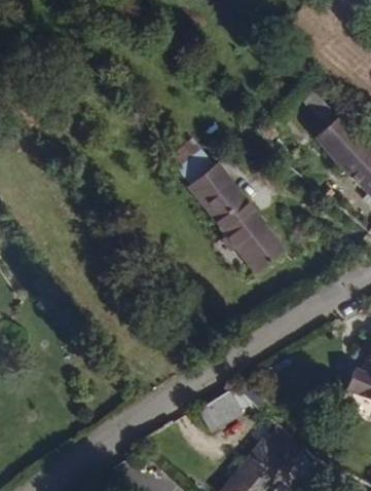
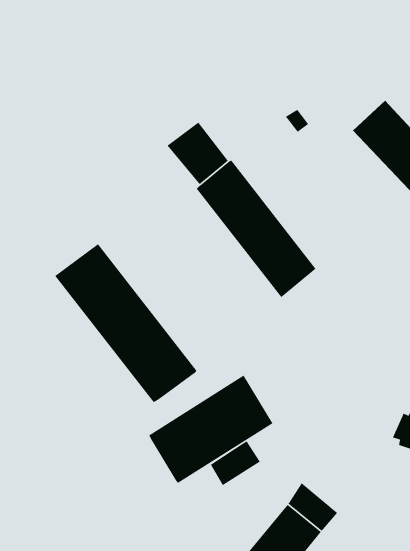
building: none -> [54,243,198,403]
building: none -> [148,375,273,484]

